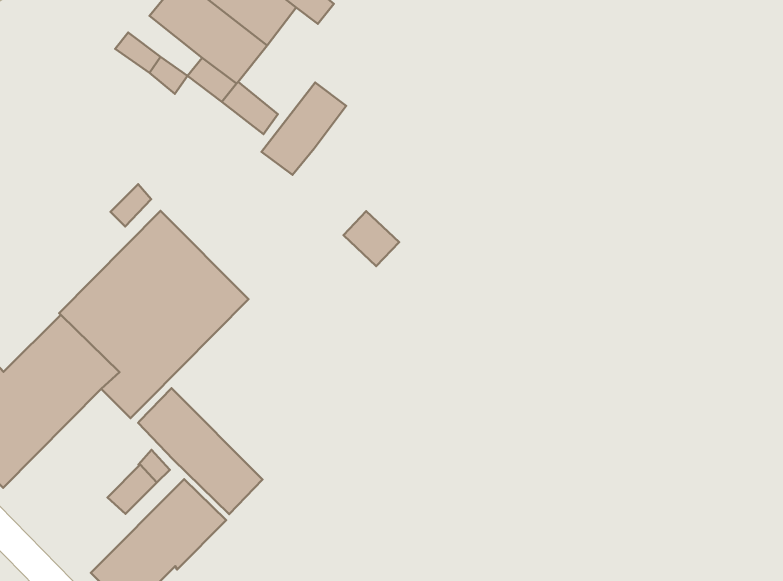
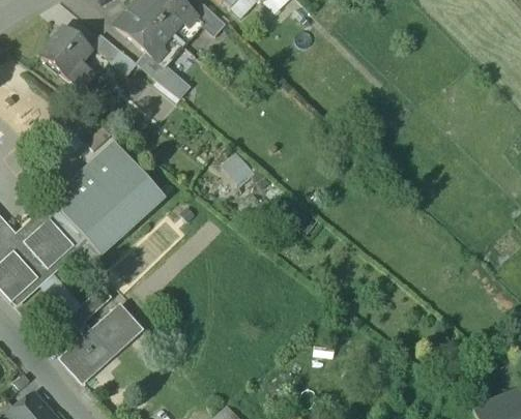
building: none -> [42,26,94,87]
building: [262,82,346,175] -> none
building: [138,388,263,514] -> none

